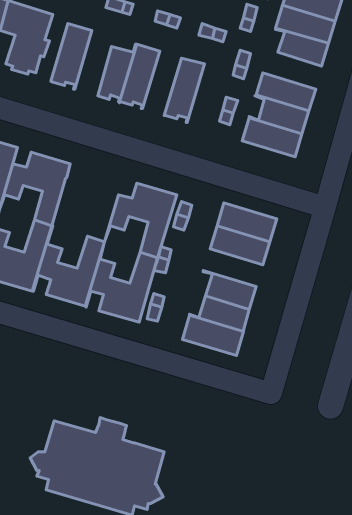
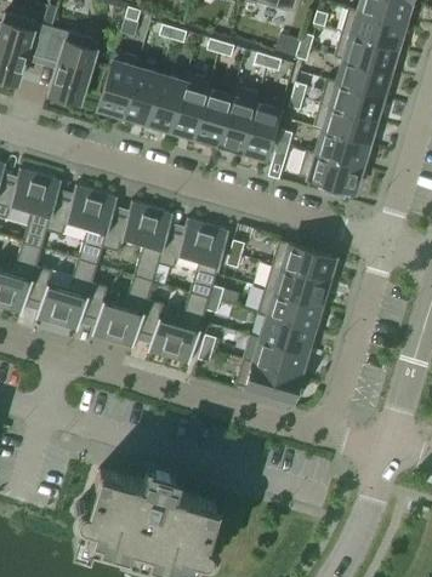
building: none -> [123,58,161,127]
building: none -> [322,79,383,120]
building: none -> [194,80,235,148]
building: none -> [241,93,282,159]
building: none -> [98,202,174,281]
building: none -> [258,288,322,329]

